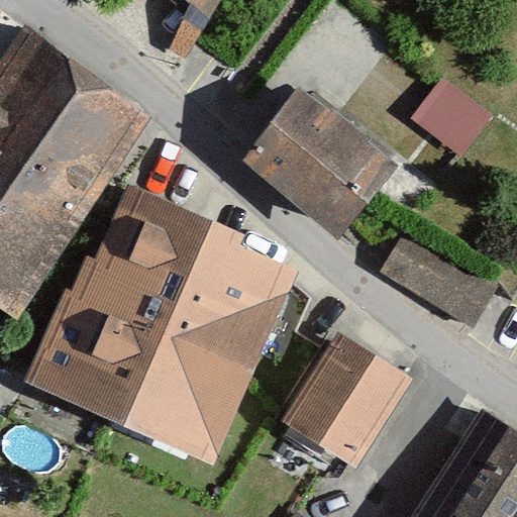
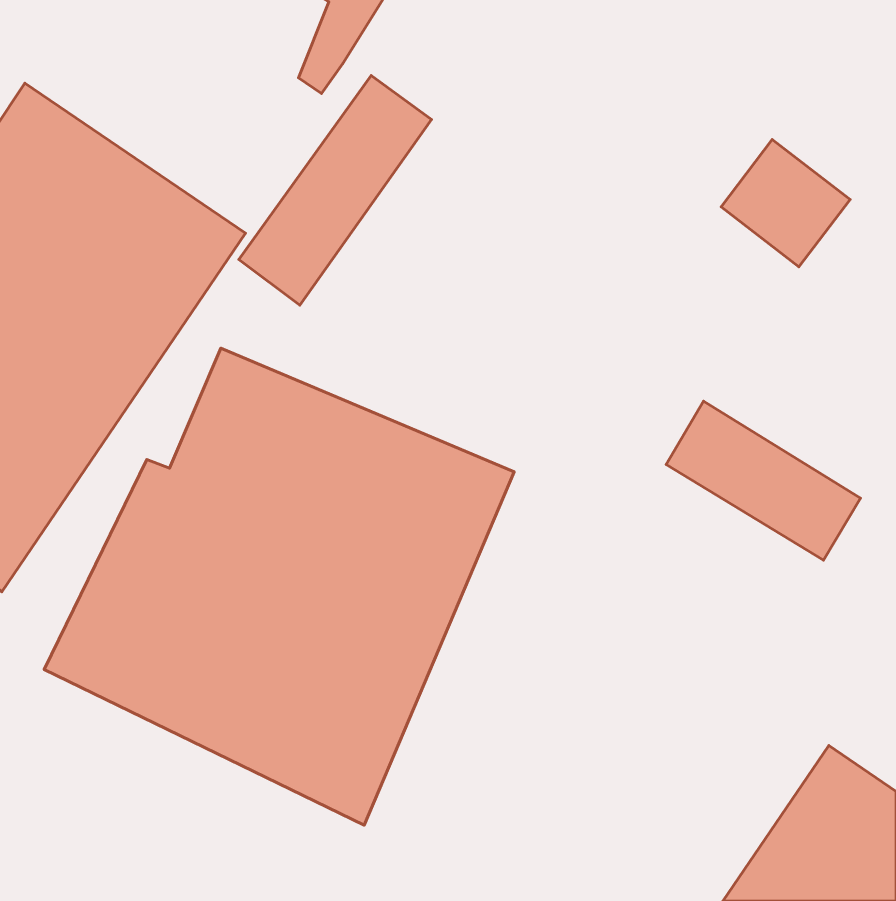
building: none -> [239,76,431,305]
building: [247,91,391,231] -> none
building: [283,333,409,466] -> none

